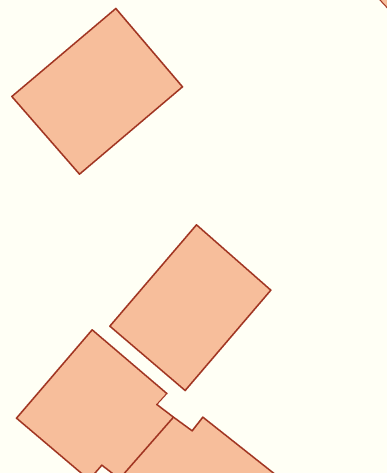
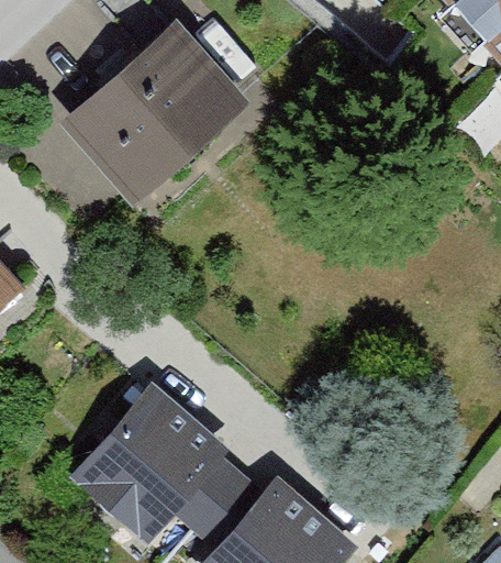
building: [110,225,271,390] -> none

